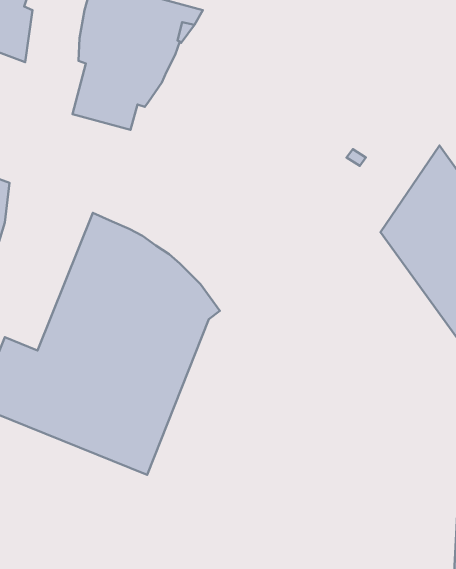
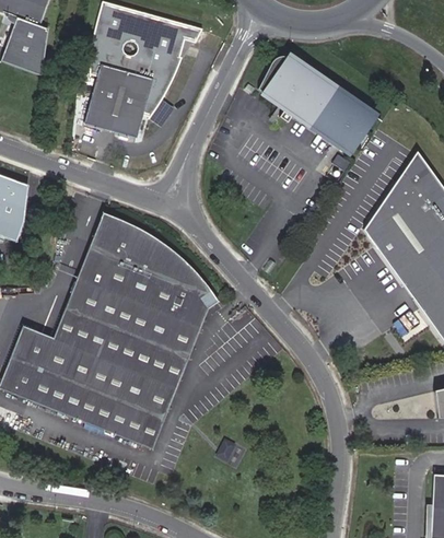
building: none -> [258,56,373,151]

